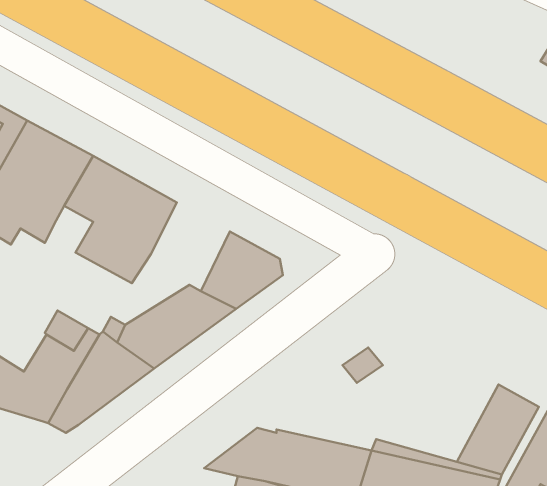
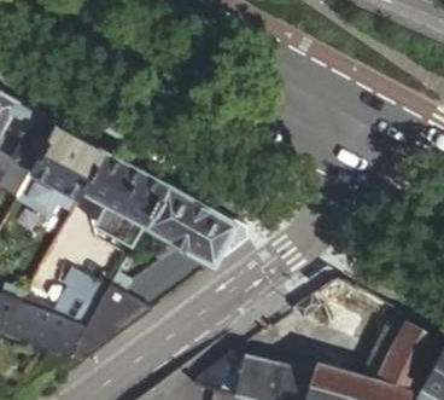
building: none -> [145,185,204,251]

